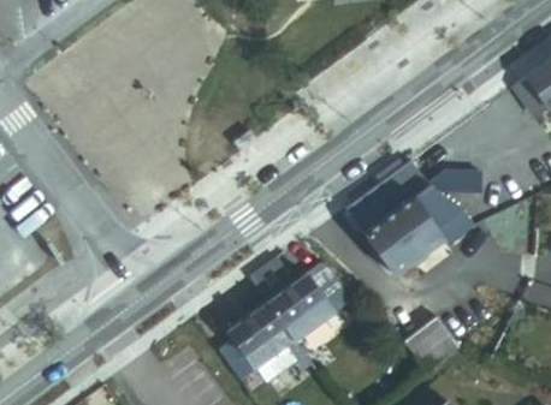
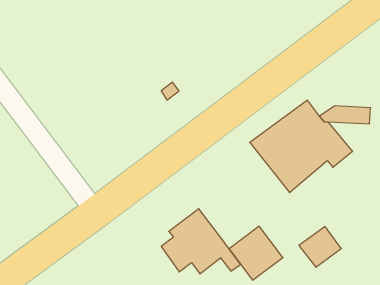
building: [443,183,504,220] -> none
building: [278,264,346,333] -> [229,226,283,280]

